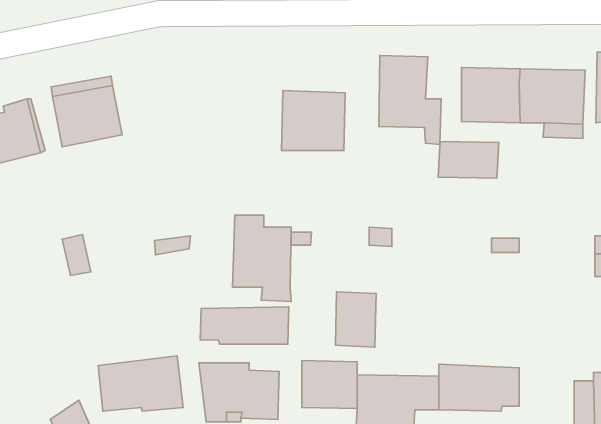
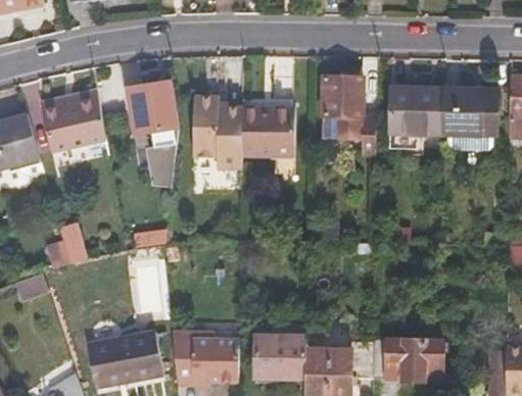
building: none -> [123,81,174,183]
building: [438,141,499,178] -> none
building: [233,215,291,301] -> [193,95,243,168]
building: [335,292,376,347] -> none
building: [200,307,289,344] -> none

